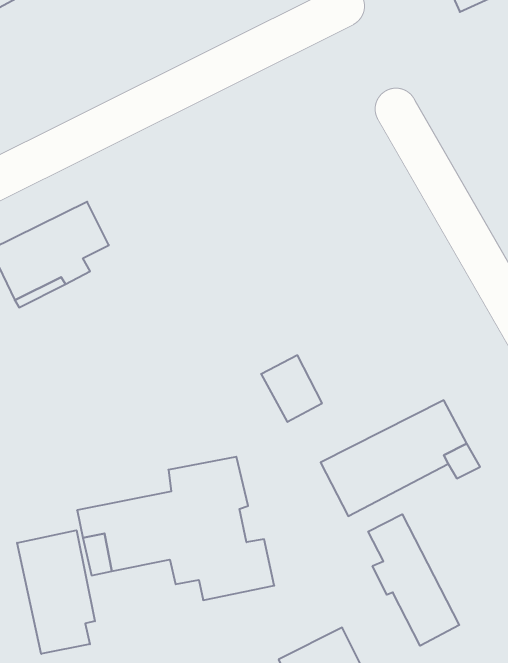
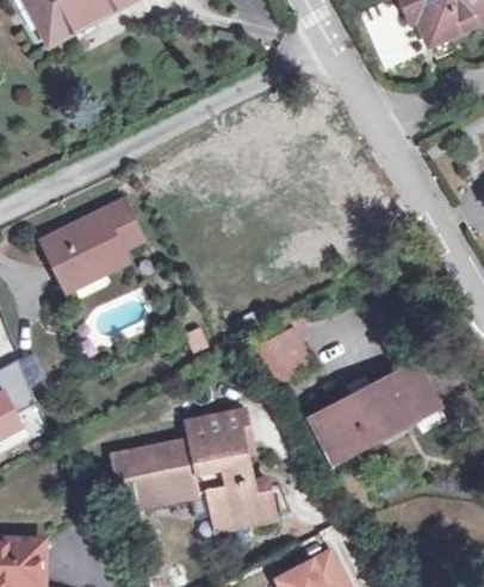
building: [368,514,459,646] -> none
building: [17,530,95,654] -> none

